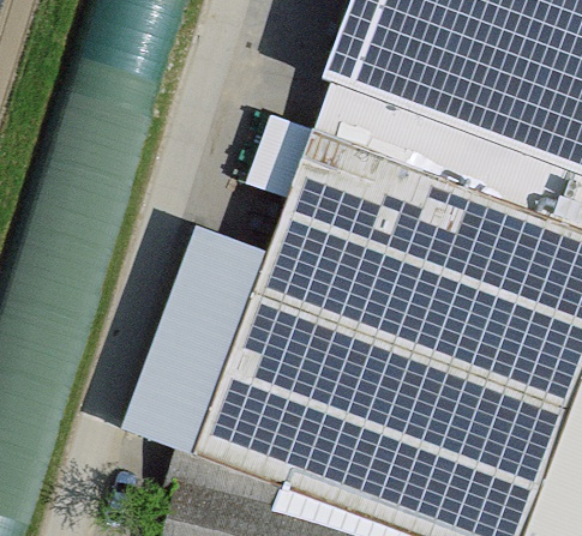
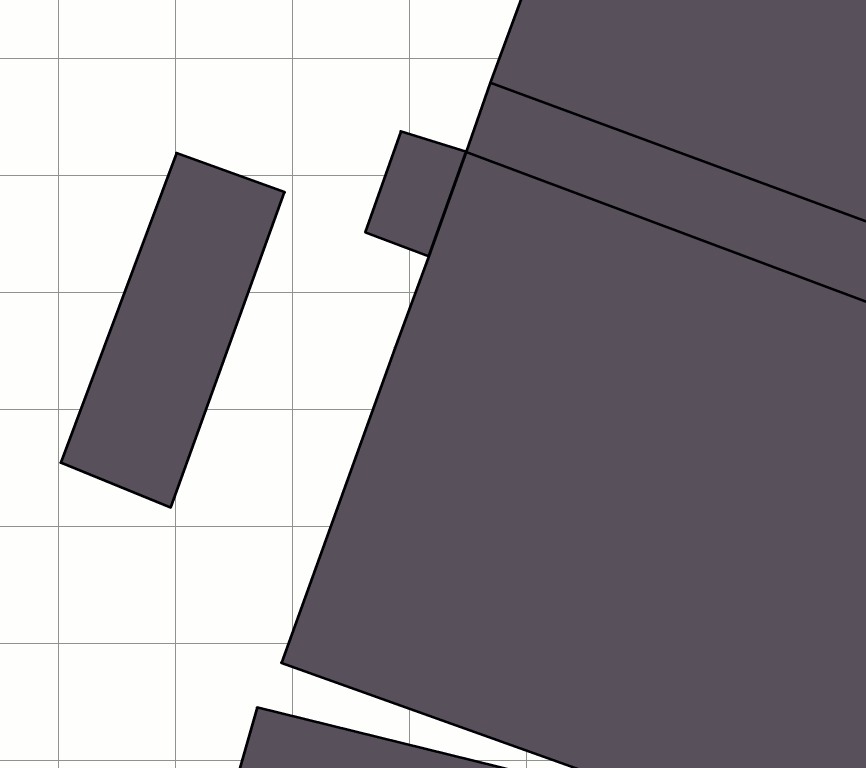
building: [128,234,272,462] -> [61,153,285,507]

